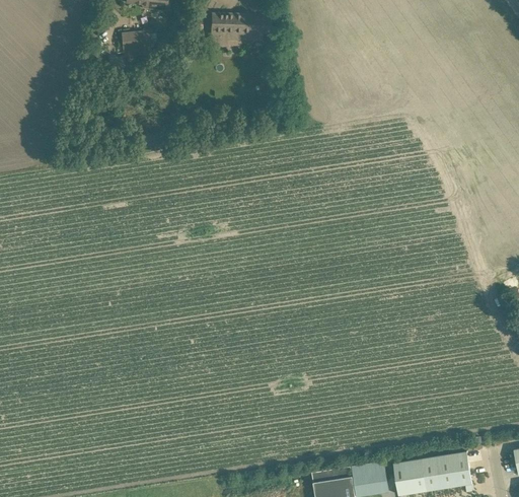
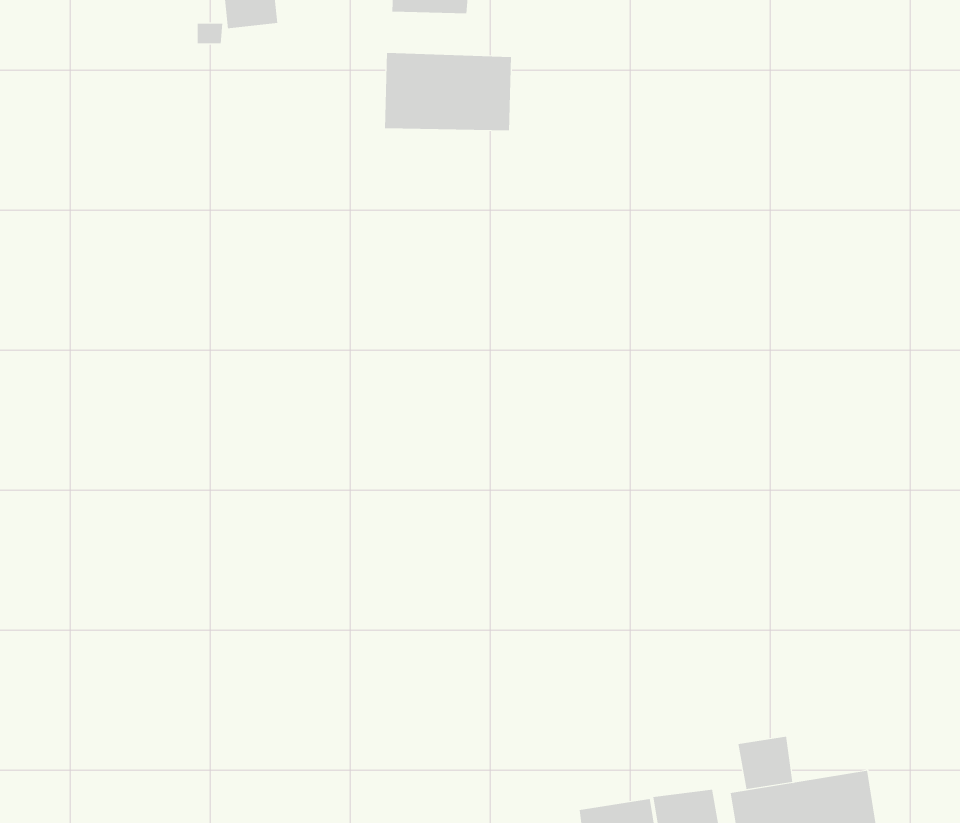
building: none -> [384,52,512,131]
building: none -> [738,736,793,790]

